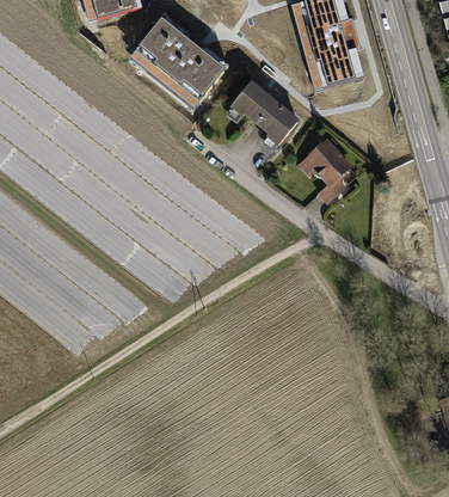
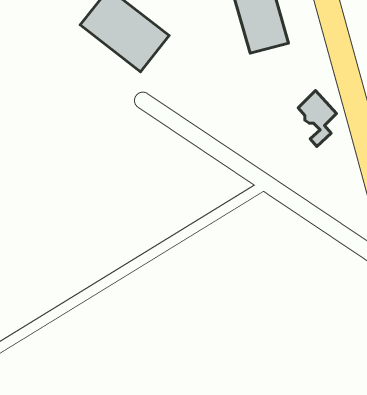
building: [238,81,301,141] -> none
building: [310,140,352,201] -> [298,90,336,146]

